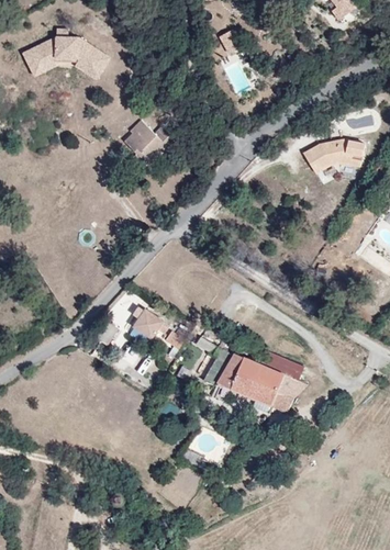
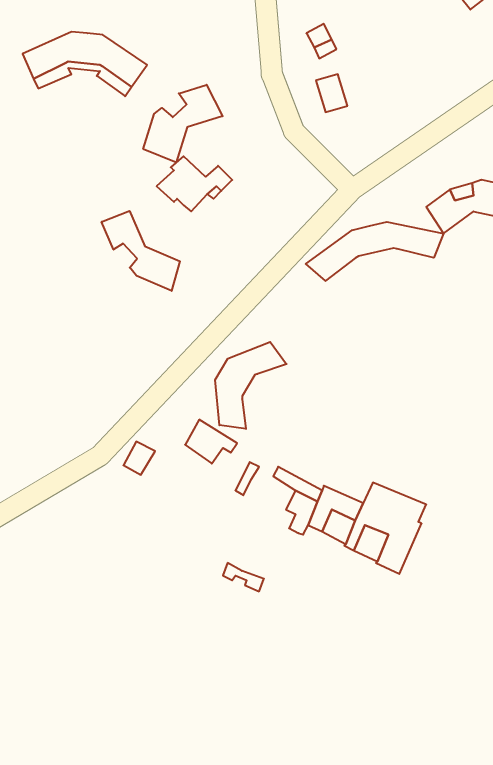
building: none -> [143,85,223,162]
building: none -> [102,211,180,291]
building: none -> [306,222,444,281]
building: none -> [215,342,287,429]

